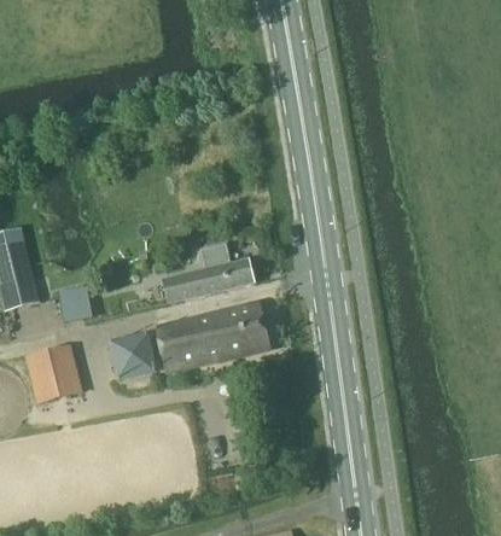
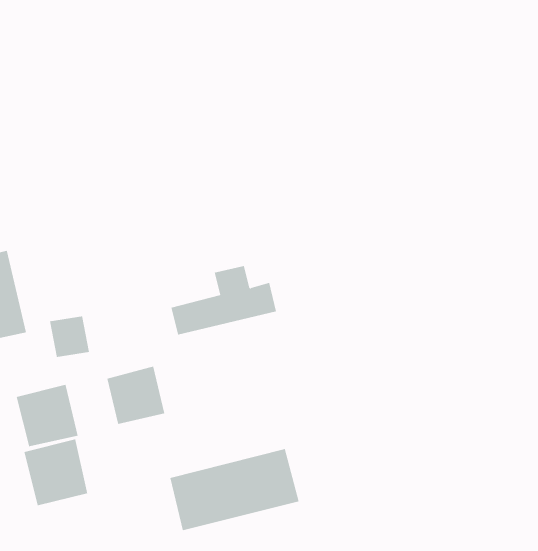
building: [156,301,268,372] -> [170,449,299,531]
building: none -> [24,439,88,506]

